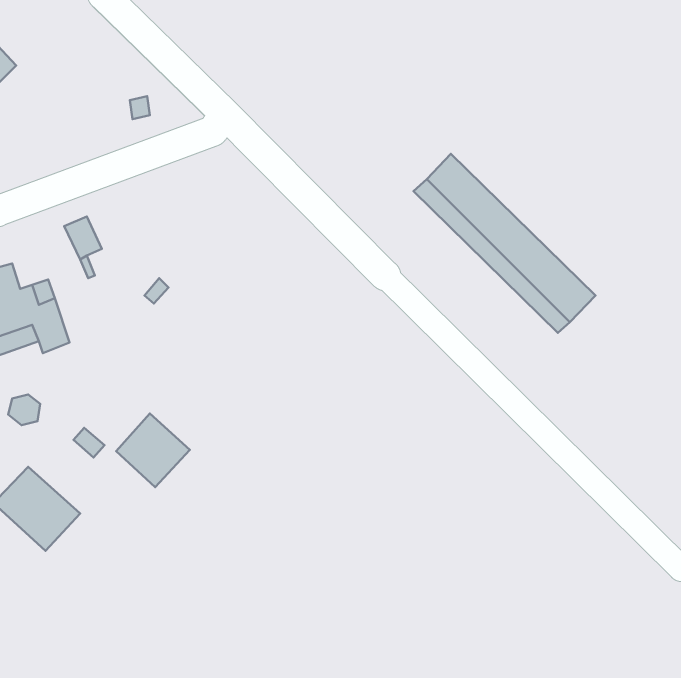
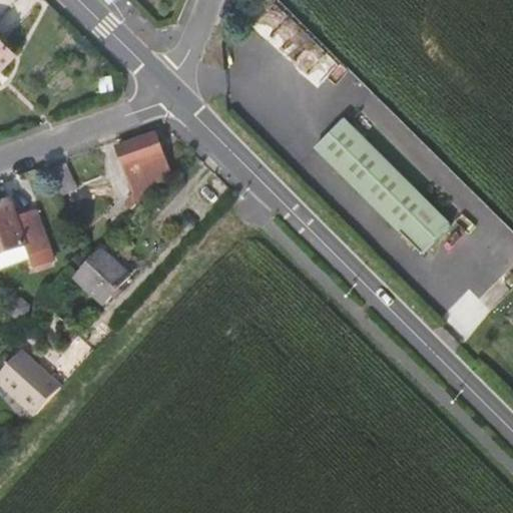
building: none -> [115,130,168,205]
building: [116,414,190,487] -> [74,246,129,302]

